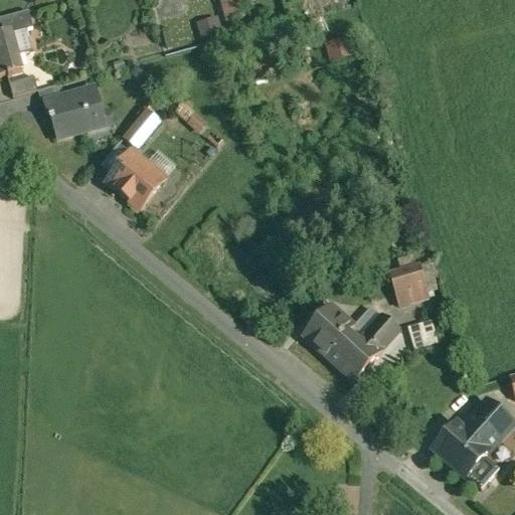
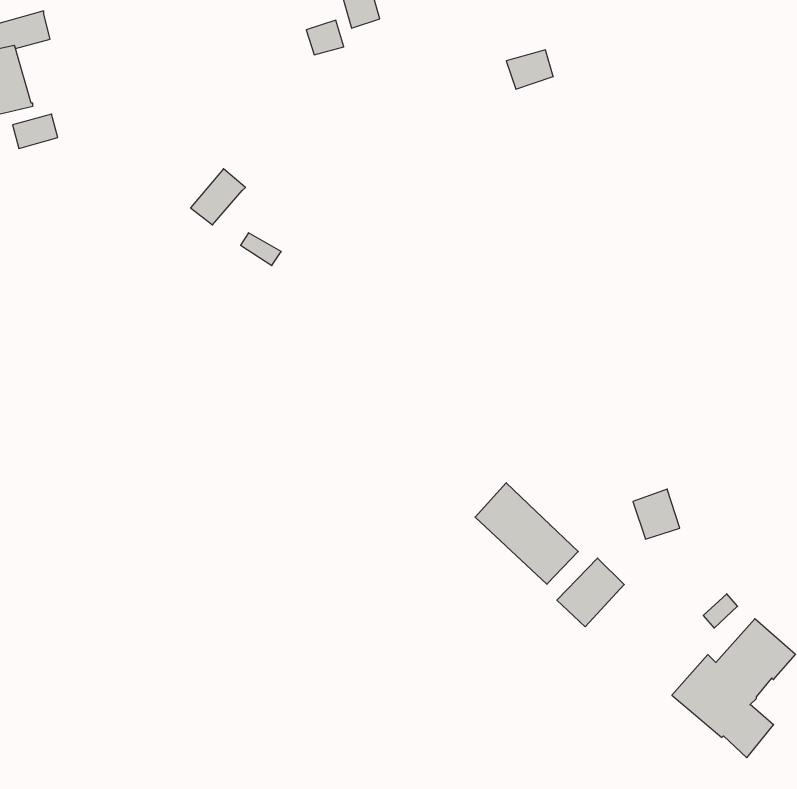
building: [45,85,104,135] -> none
building: [107,150,163,205] -> none
building: [388,260,428,303] -> none
building: [354,311,397,355] -> [557,558,624,627]

